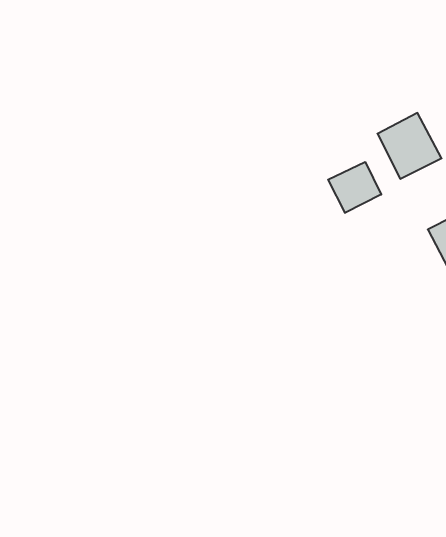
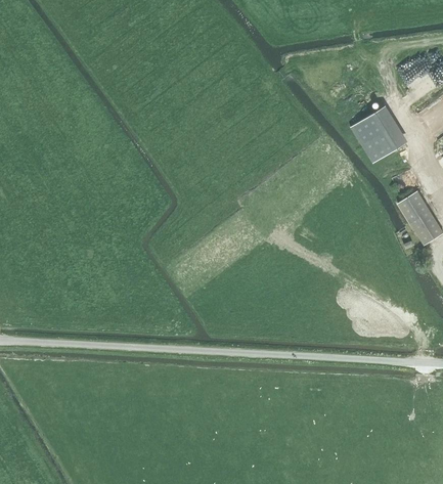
building: [328,162,381,213] -> none

